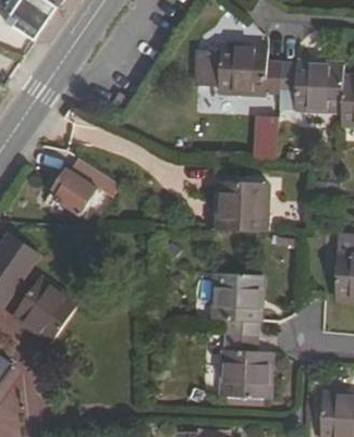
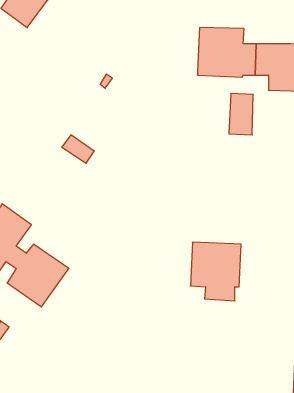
building: [196,42,220,89] -> none
building: [52,167,98,215] -> none
building: [216,185,269,232] -> none
building: [218,334,271,399] -> none

